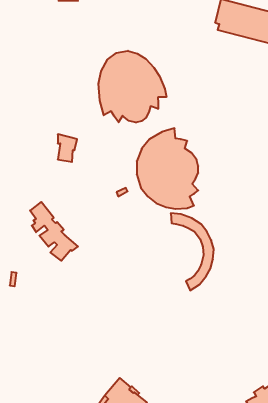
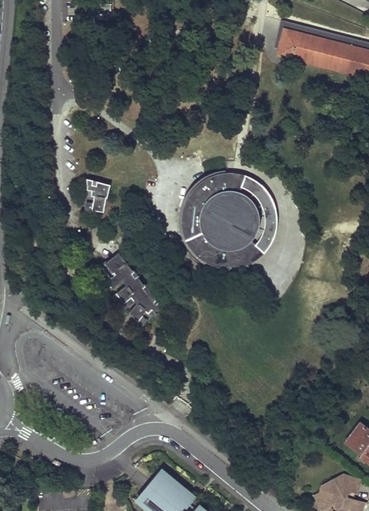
building: [99,51,166,123] -> none
building: [30,202,78,261] -> [105,253,162,323]
building: [171,213,214,290] -> [226,172,277,264]

